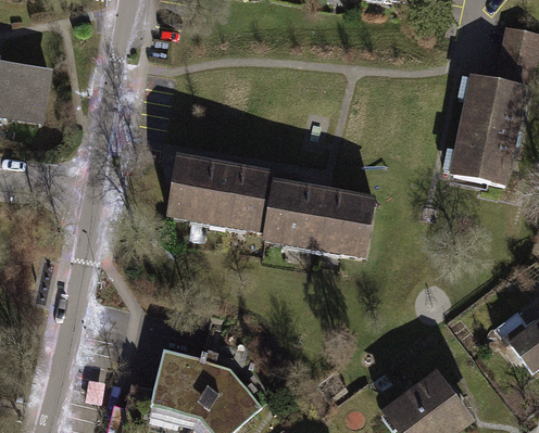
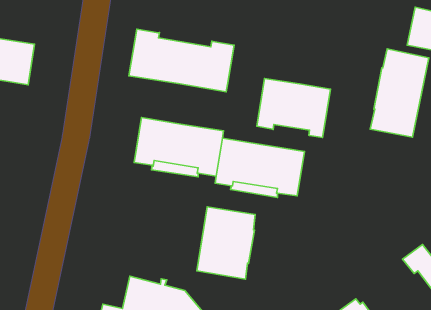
building: none -> [129,29,234,92]
building: none -> [257,78,330,138]
building: none -> [197,207,255,279]

